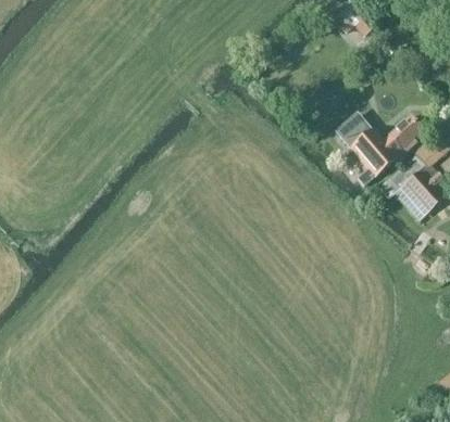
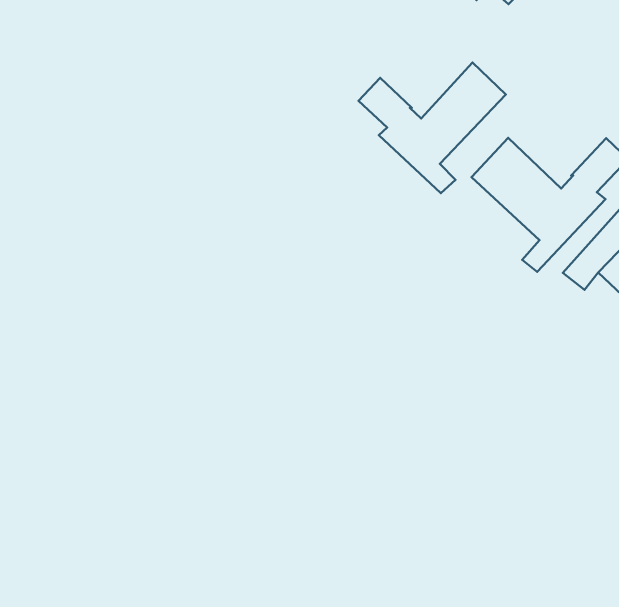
building: none -> [359,63,506,193]

